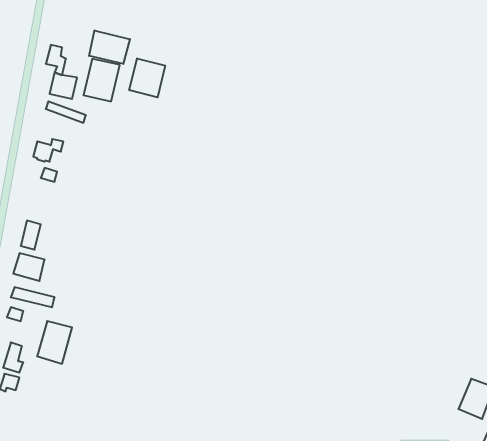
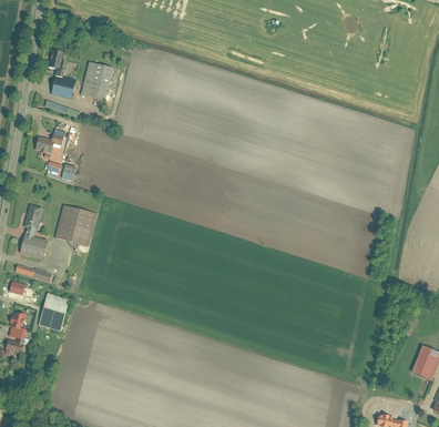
building: [89,30,130,64] -> none
building: [129,58,165,97] -> none
building: none -> [52,204,94,246]

